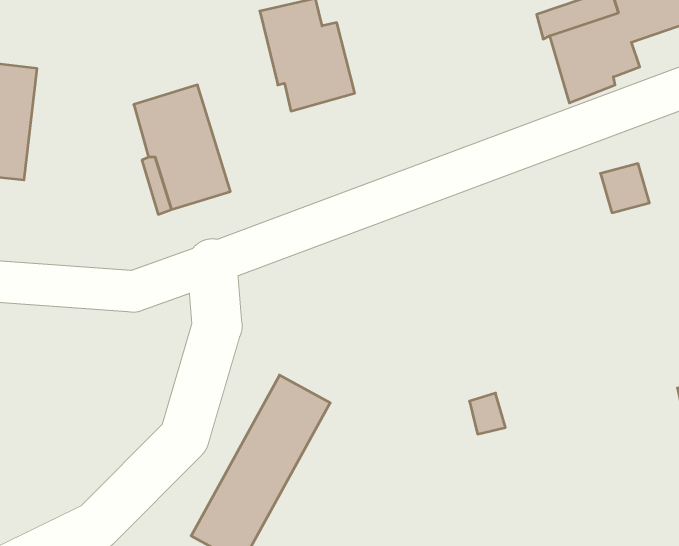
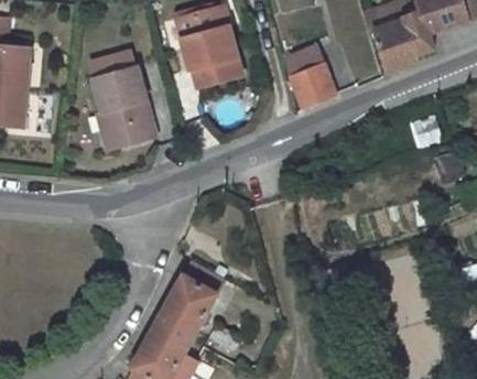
building: none -> [280,33,335,107]

